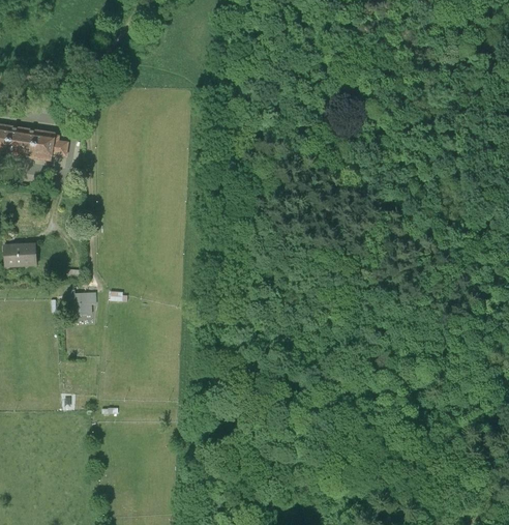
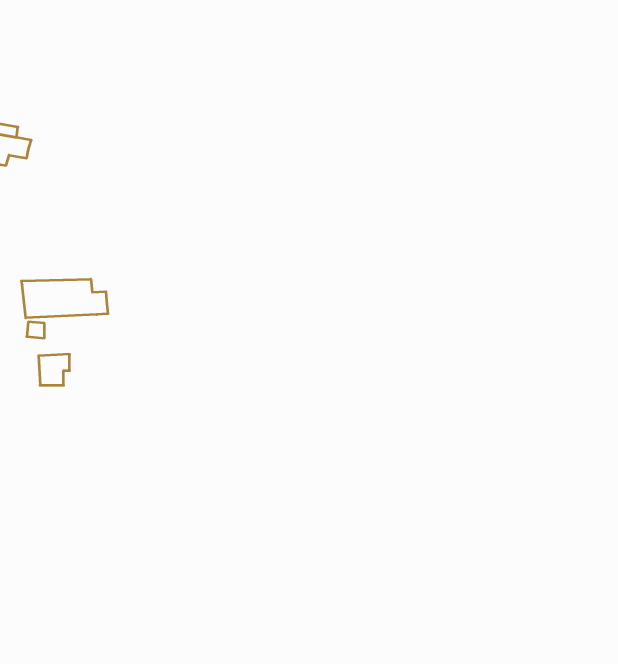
building: none -> [21,279,108,318]

